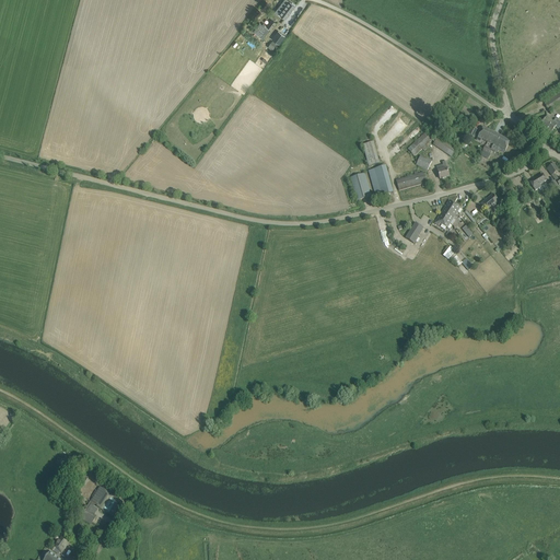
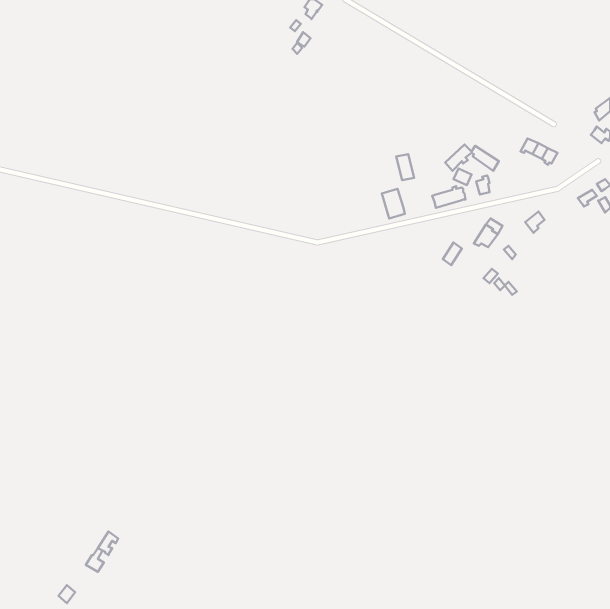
building: [369,165,393,197] -> none

